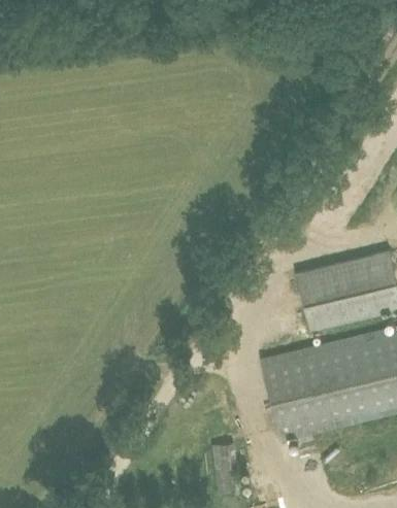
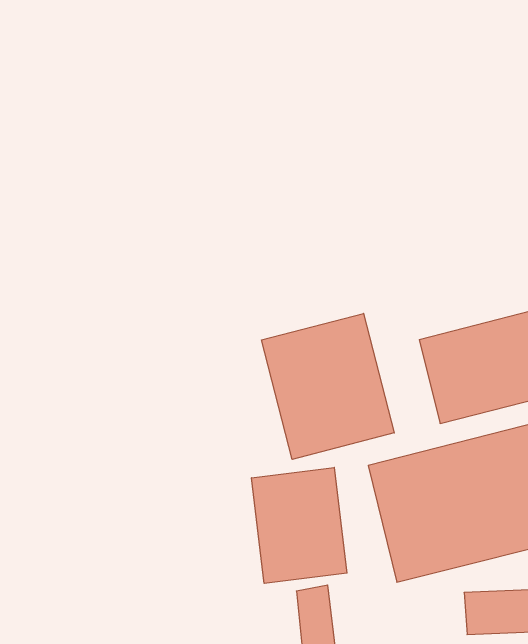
building: none -> [262,313,394,459]
building: none -> [252,467,347,583]

